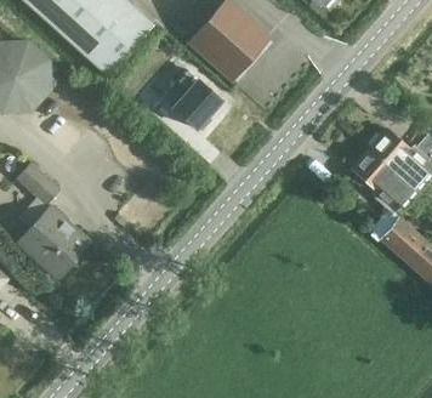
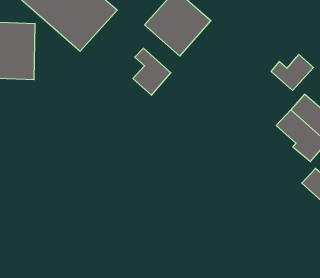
building: none -> [271,55,313,90]
building: [18,165,59,204] -> none
building: [18,207,91,279] -> none

